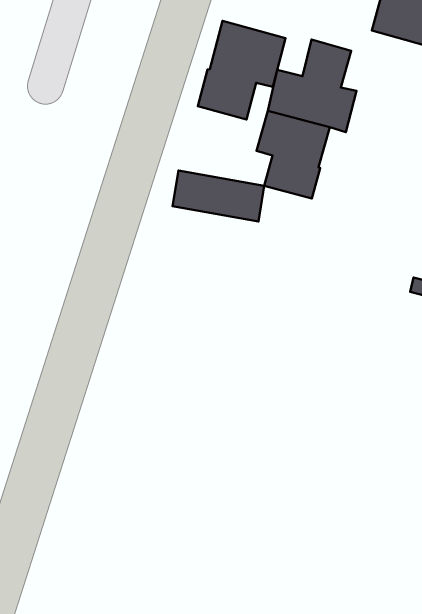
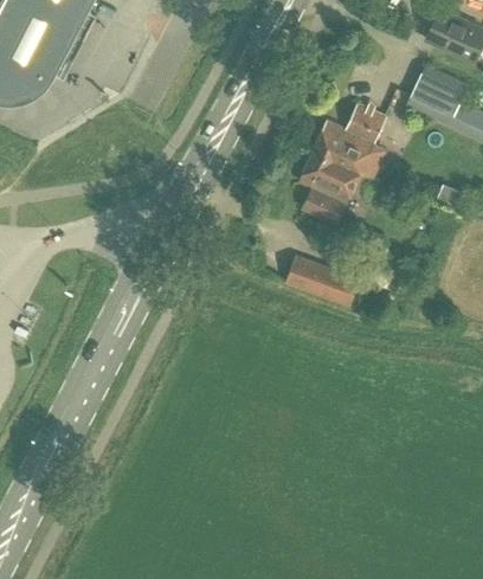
building: [198,21,286,120] -> none
building: [173,170,264,222] -> [285,256,360,307]

